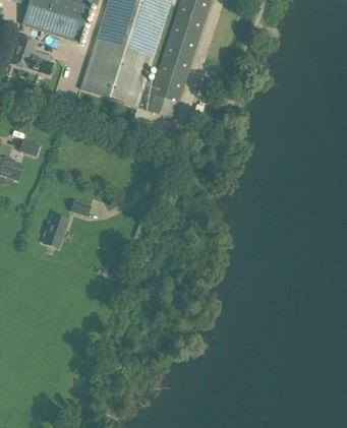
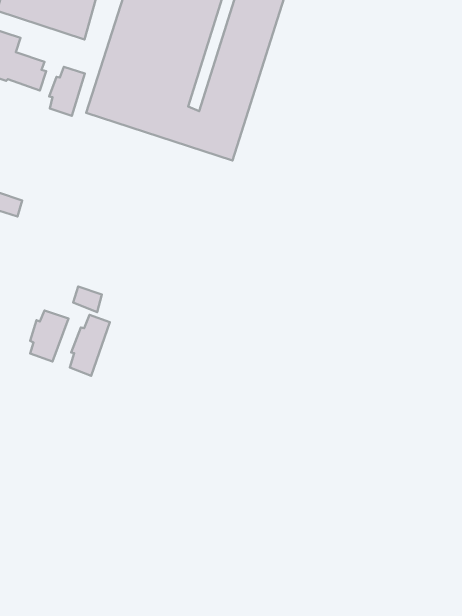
building: none -> [49,67,85,116]
building: none -> [70,315,110,376]

